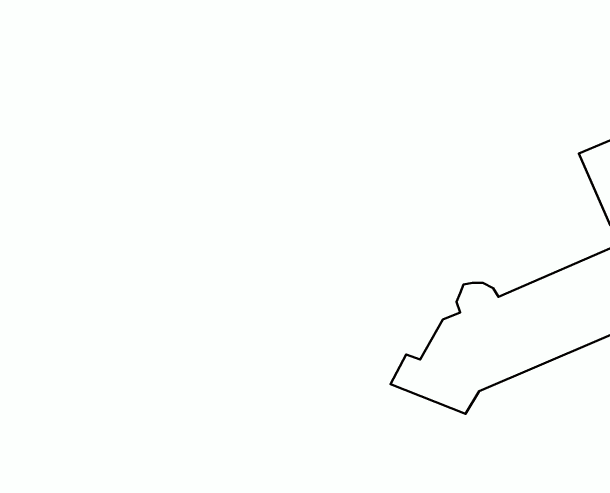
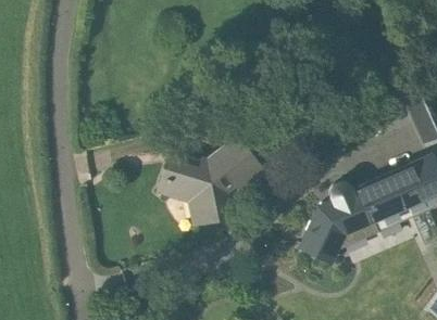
building: none -> [155,138,263,227]

